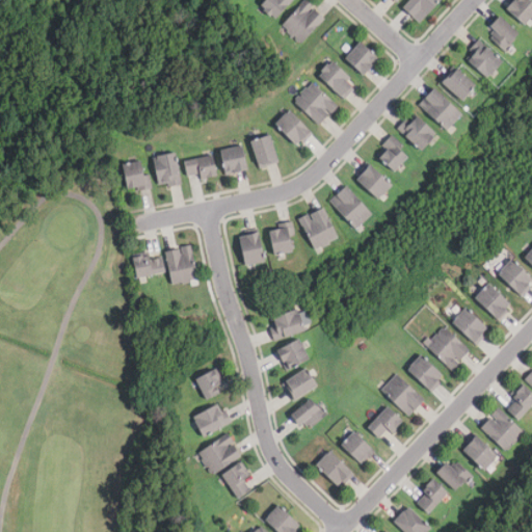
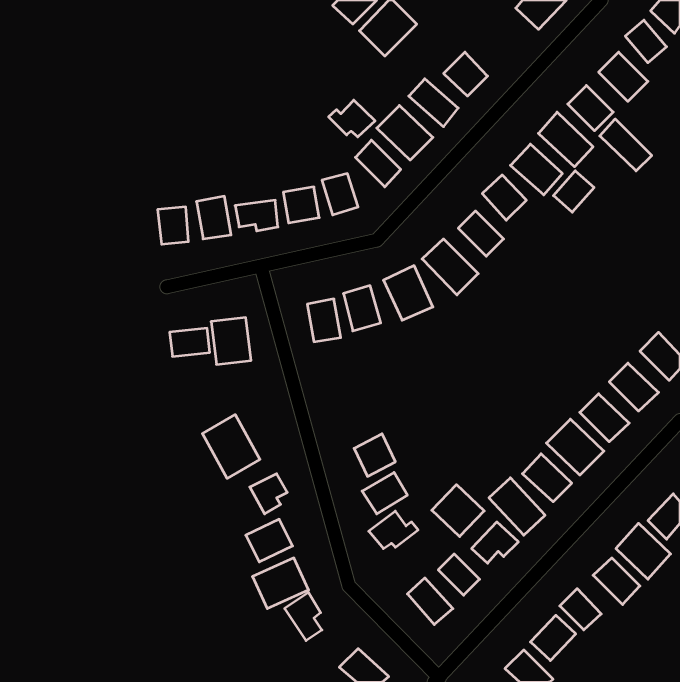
building: none -> [329,100,375,137]
building: none -> [600,119,652,171]
building: none -> [553,171,594,212]
building: [265,309,304,341] -> none
building: none -> [202,415,260,478]
building: none -> [432,485,484,537]

